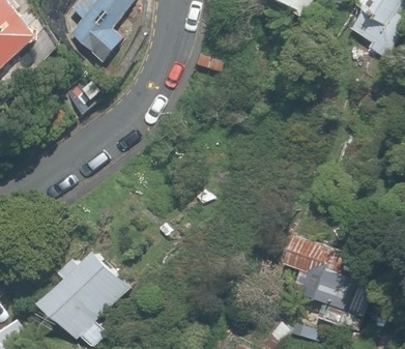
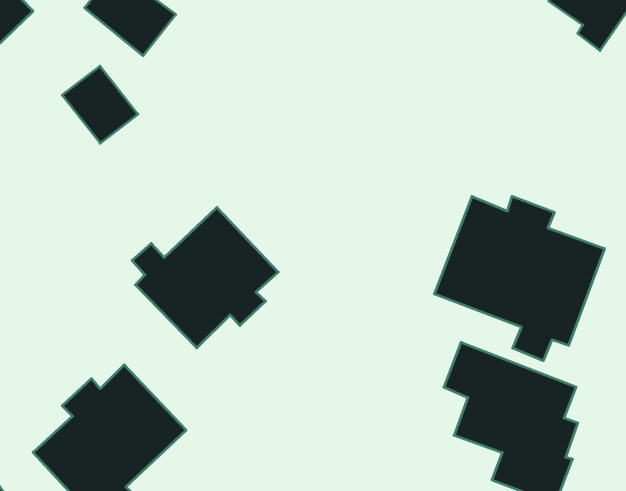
building: none -> [434,196,604,361]
building: none -> [132,207,278,348]

